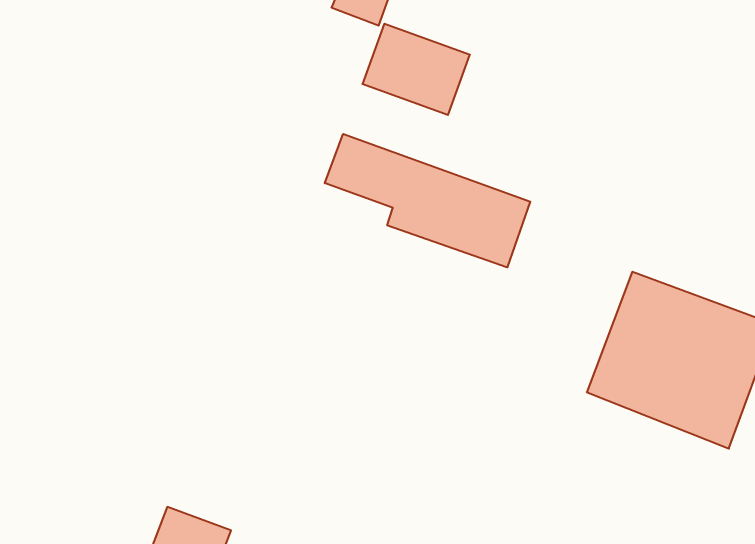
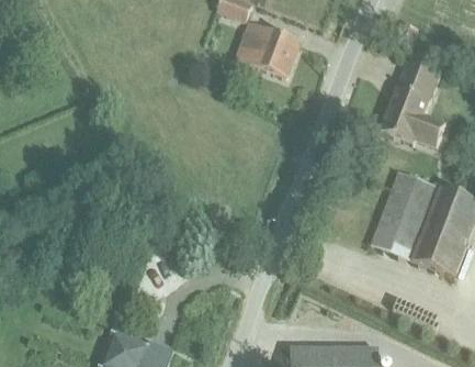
building: none -> [381,59,446,147]
building: [325,134,530,267] -> none

